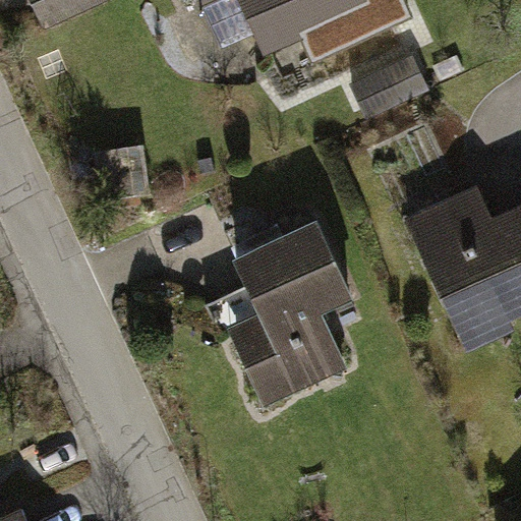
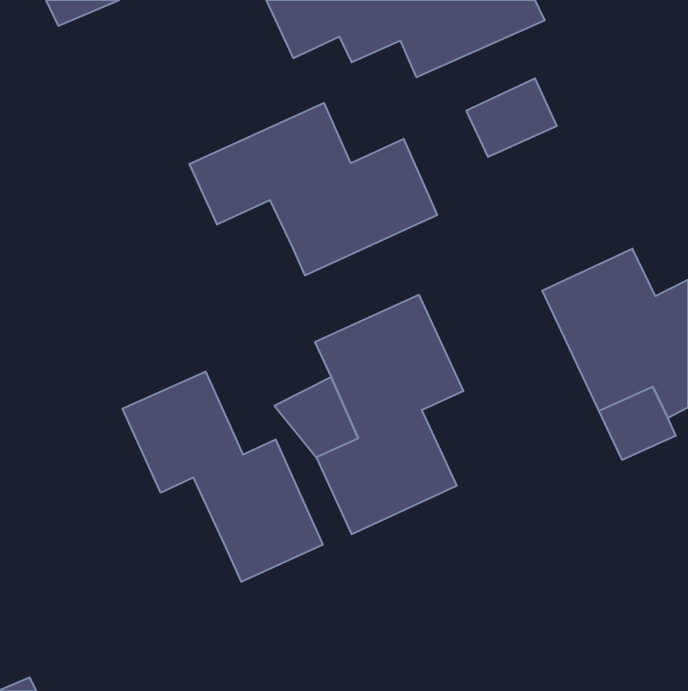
building: none -> [189,103,437,275]
building: none -> [123,371,323,582]

